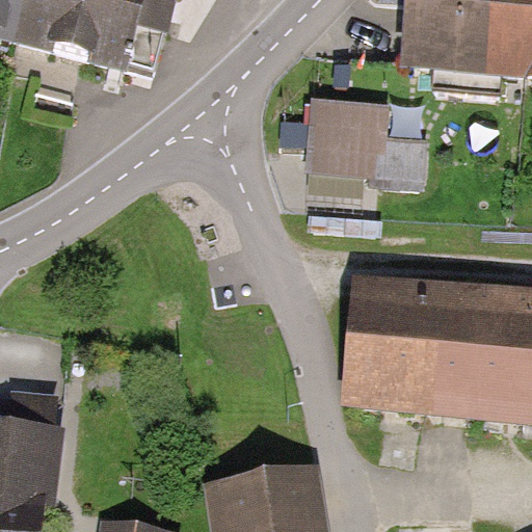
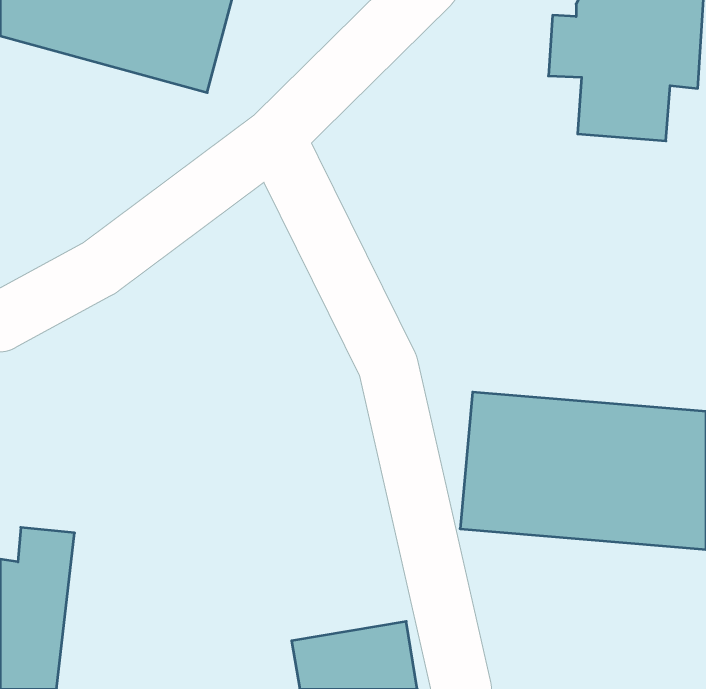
building: [314,100,425,168] -> none

